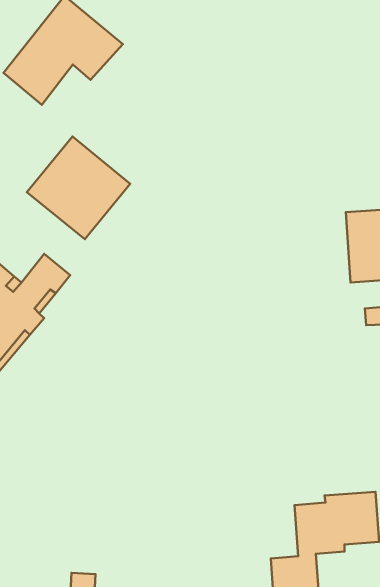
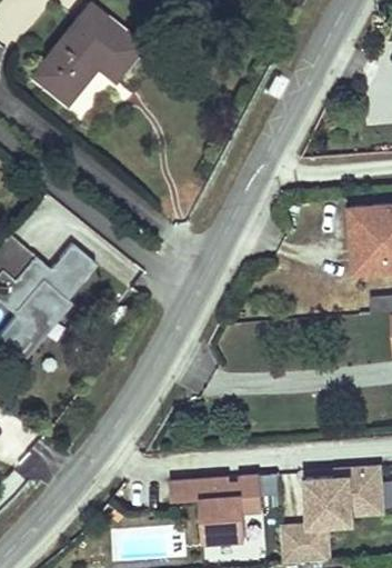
building: [27,137,130,239] -> none
building: none -> [173,477,259,547]

